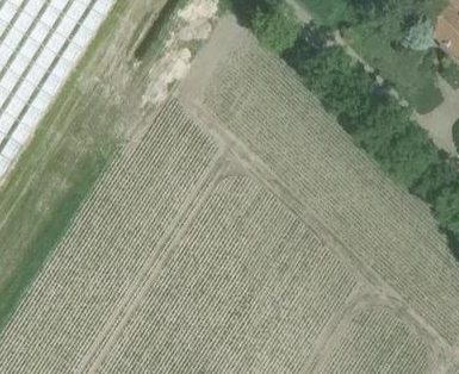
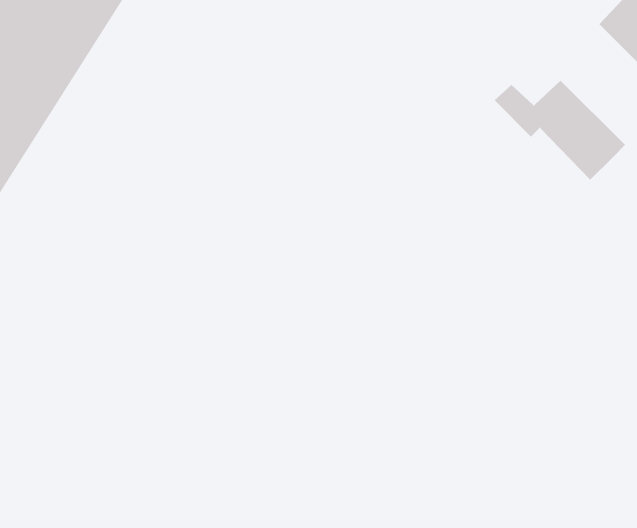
building: none -> [494,80,626,181]

